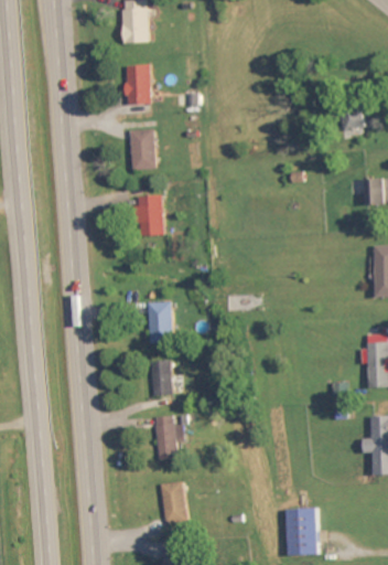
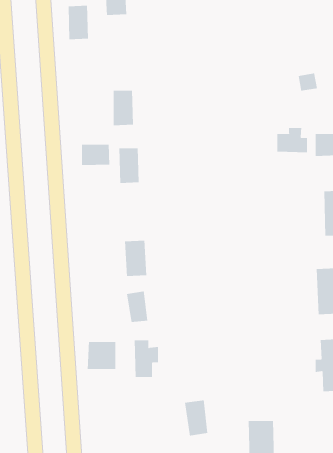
building: [126,65,150,105] -> [68,5,89,40]
building: none -> [277,127,307,153]
building: none -> [81,144,110,166]
building: none -> [87,341,116,370]
building: [161,481,188,523] -> [184,400,208,436]

